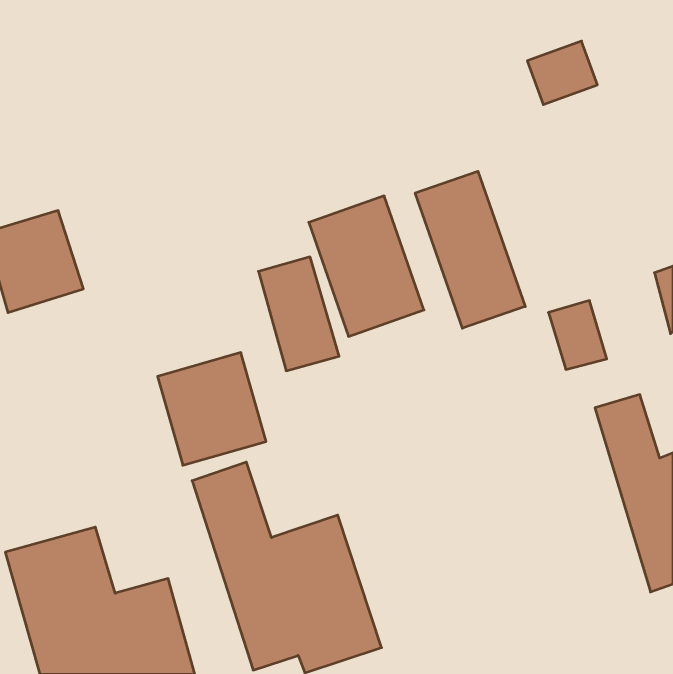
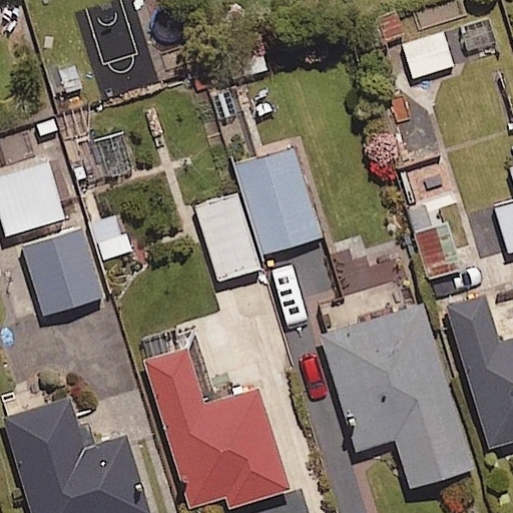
building: [415,171,525,328] -> none
building: [158,353,266,465] -> [25,229,107,315]
building: none -> [325,307,473,489]

